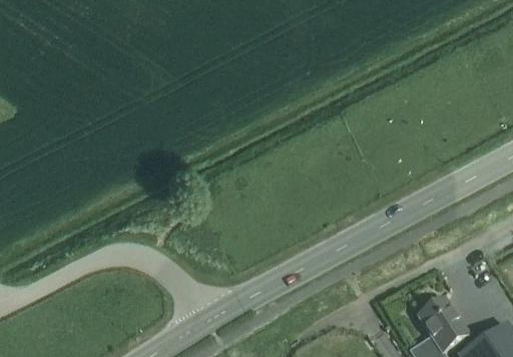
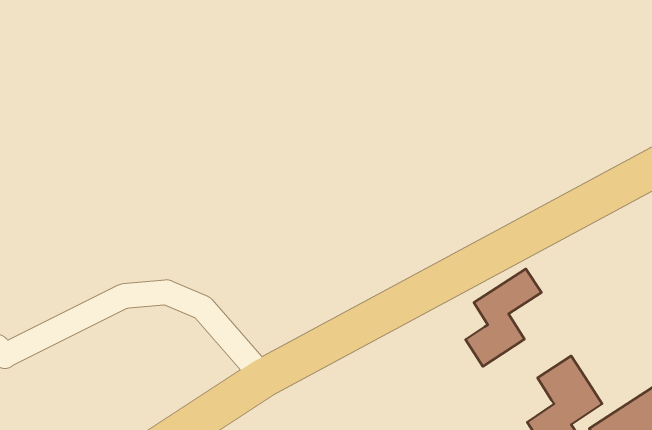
building: none -> [465,269,541,367]

